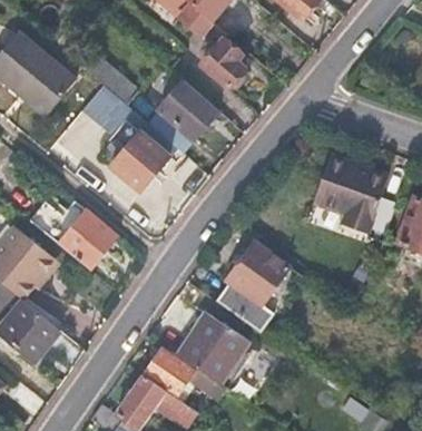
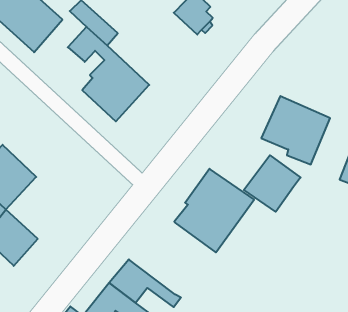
building: [159,81,217,139] -> none
building: [29,198,118,270] -> none
building: none -> [244,155,301,212]
building: [176,312,248,384] -> none

